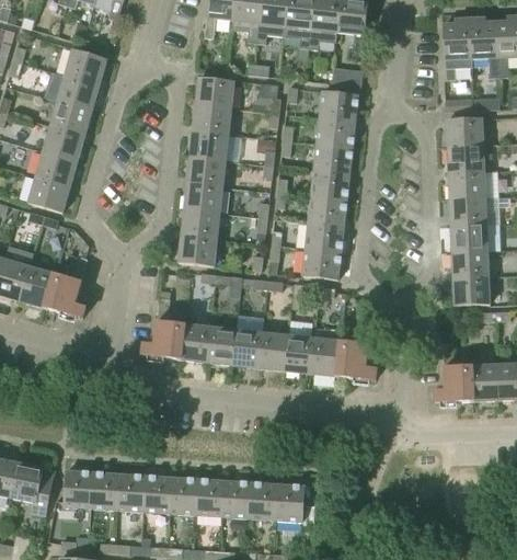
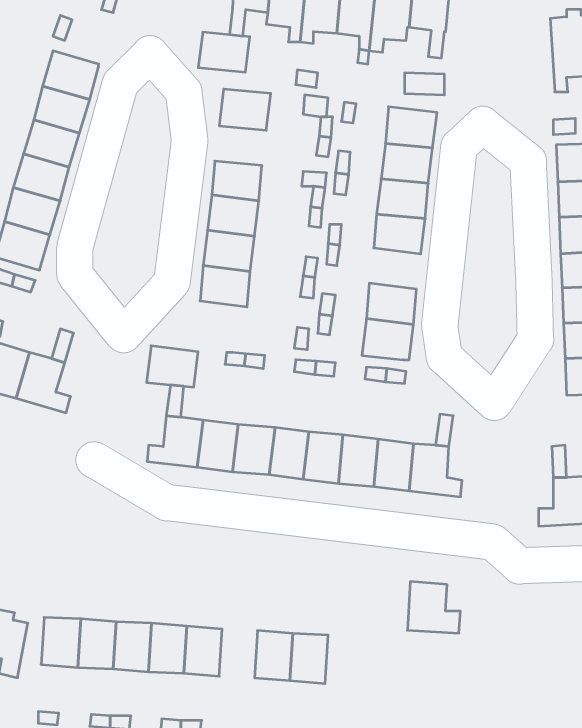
building: [193,104,231,134] -> [198,32,250,72]
building: [308,195,346,226] -> none
building: [179,235,217,265] -> [147,346,198,387]
building: [196,479,225,515] -> none
building: [275,483,314,522] -> [407,582,460,633]

